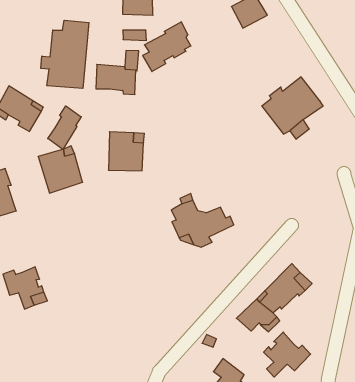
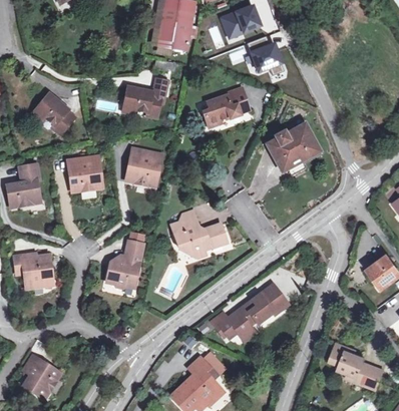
building: [41,20,89,88] -> none
building: [143,22,191,72] -> [203,88,246,127]
building: [48,106,81,149] -> none
building: none -> [106,240,143,288]
building: [264,332,311,377] -> none

